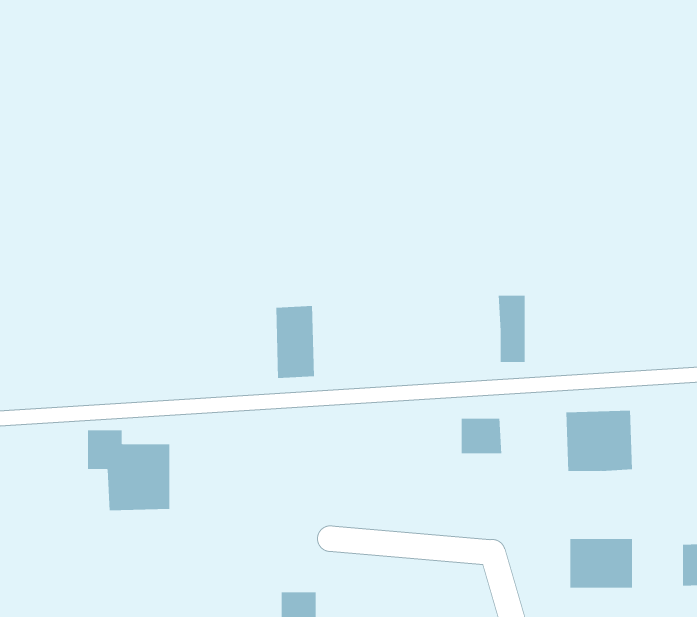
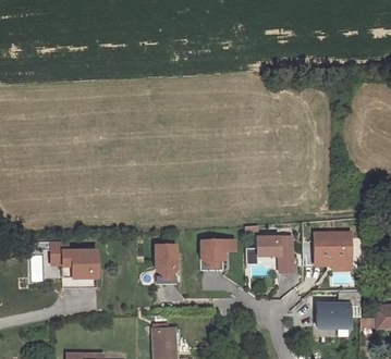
building: [498,295,525,362] -> [278,235,293,272]
building: [275,305,315,378] -> [156,243,178,283]
building: none -> [201,238,236,269]

